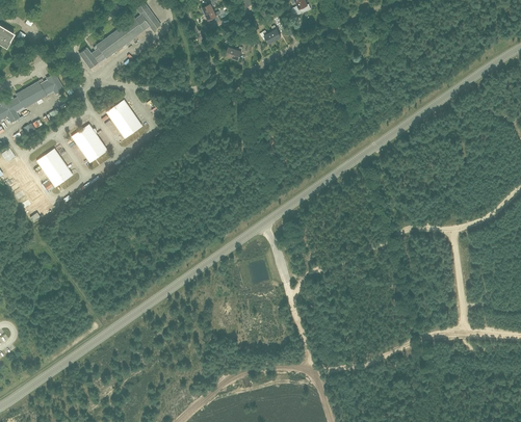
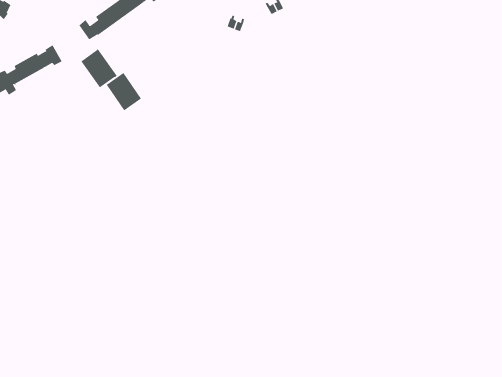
building: [71,125,107,163] -> [81,49,118,88]
building: [36,149,73,187] -> none

